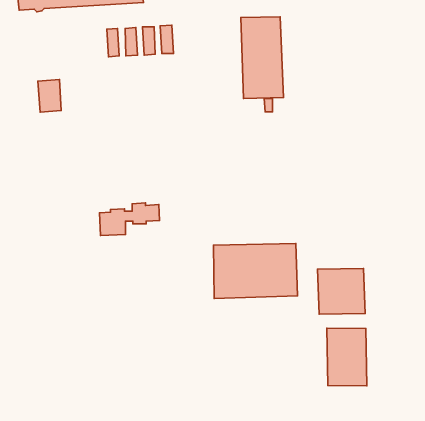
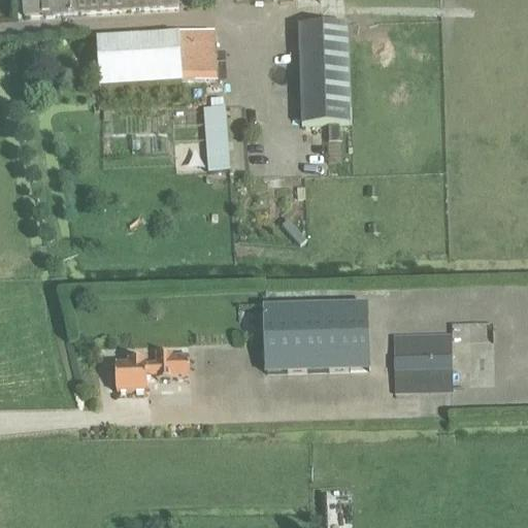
building: [38,80,61,112] -> [89,39,118,79]
building: none -> [202,104,229,168]
building: [100,203,160,235] -> [114,349,189,389]
building: [327,328,367,386] -> none

